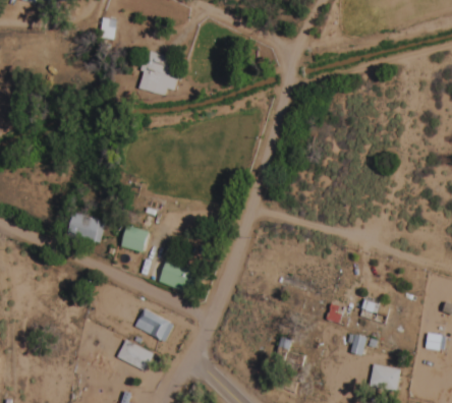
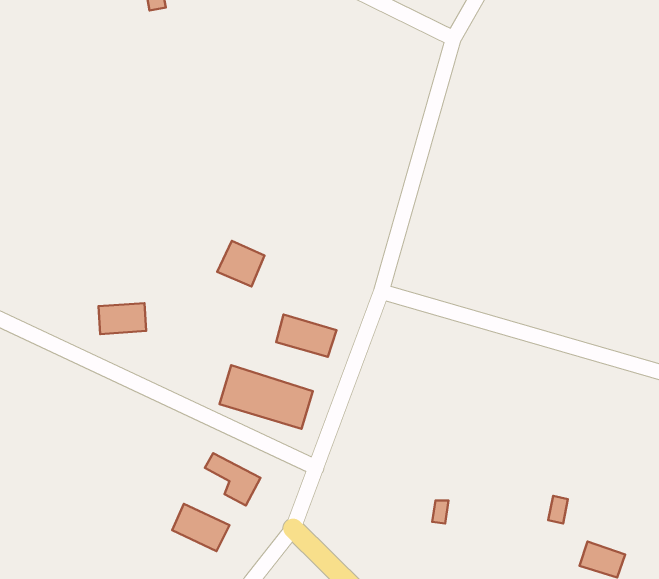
building: [137,51,175,95] -> none
building: none -> [276,314,336,357]
building: [120,224,150,252] -> [217,241,264,286]

